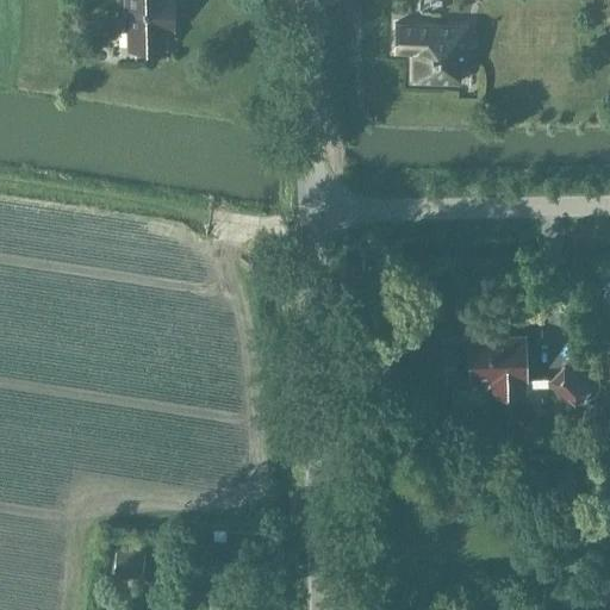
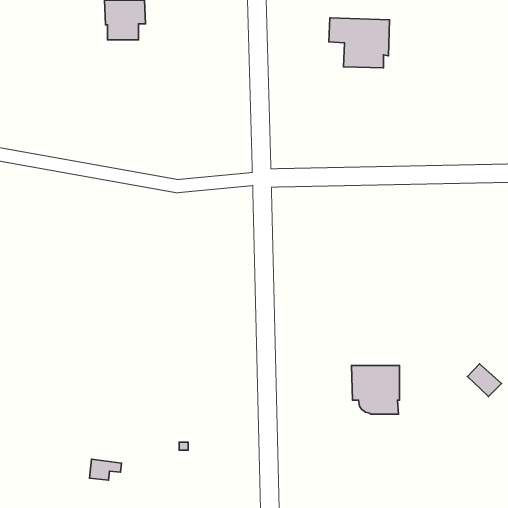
building: [471,337,528,396] -> [352,365,399,414]
building: [552,366,592,405] -> [468,364,501,397]

